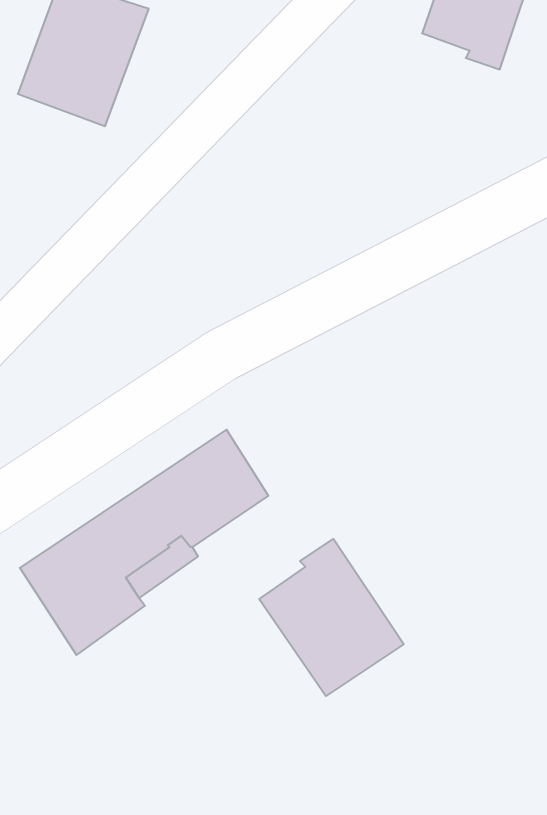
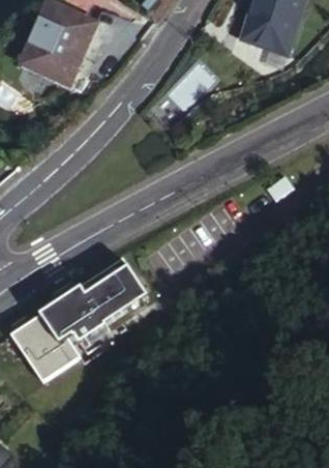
building: [259,539,404,696] -> none

